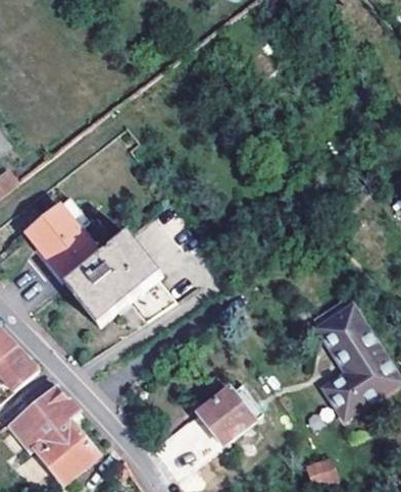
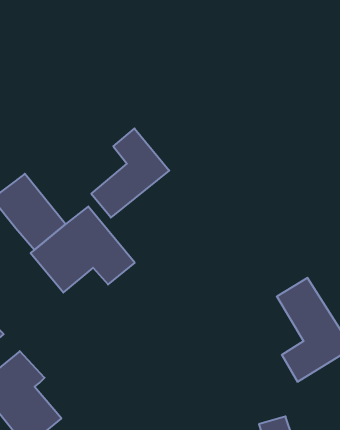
building: none -> [91,128,169,218]
building: [198,385,260,444] -> none

